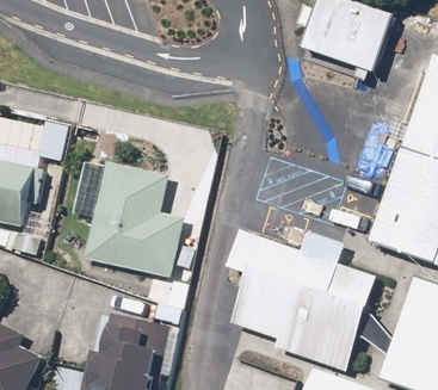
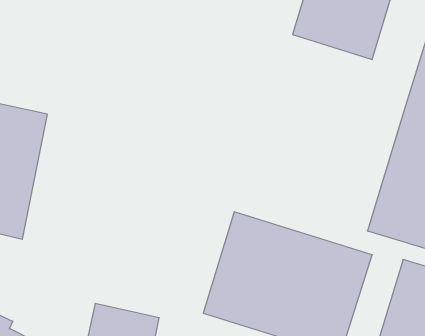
building: [76,157,178,283] -> none

